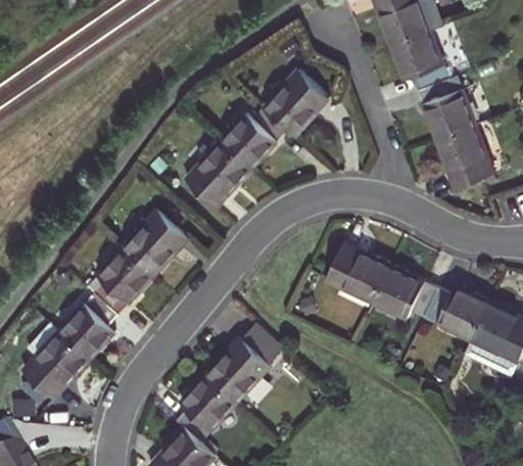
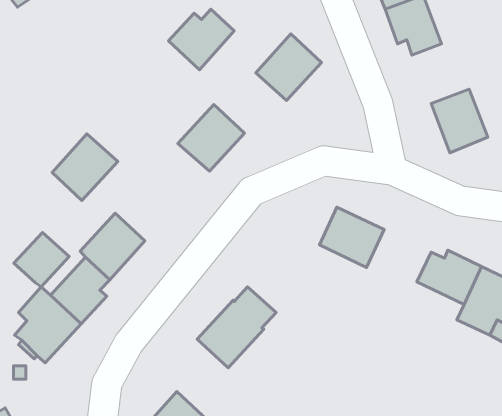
building: [418,77,475,140] -> none
building: [221,109,286,170] -> [169,9,234,70]
building: [123,211,188,277] -> [52,134,118,200]
building: [373,266,437,319] -> none
building: none -> [14,233,69,287]
building: [176,375,235,441] -> none

